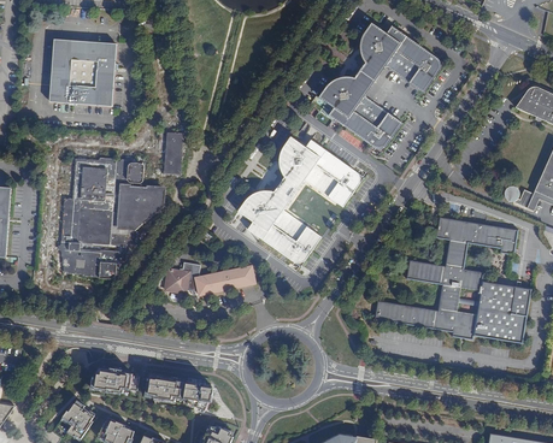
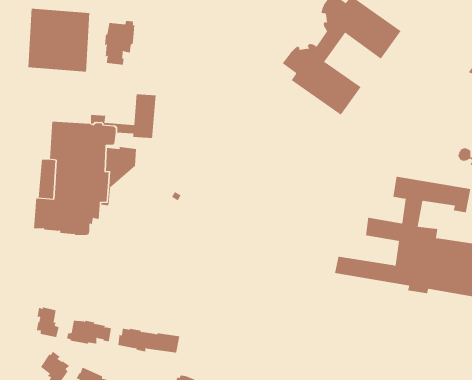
building: none -> [104,20,135,65]
building: [237,136,364,266] -> none
building: [165,261,255,295] -> none
building: none -> [36,306,59,338]

